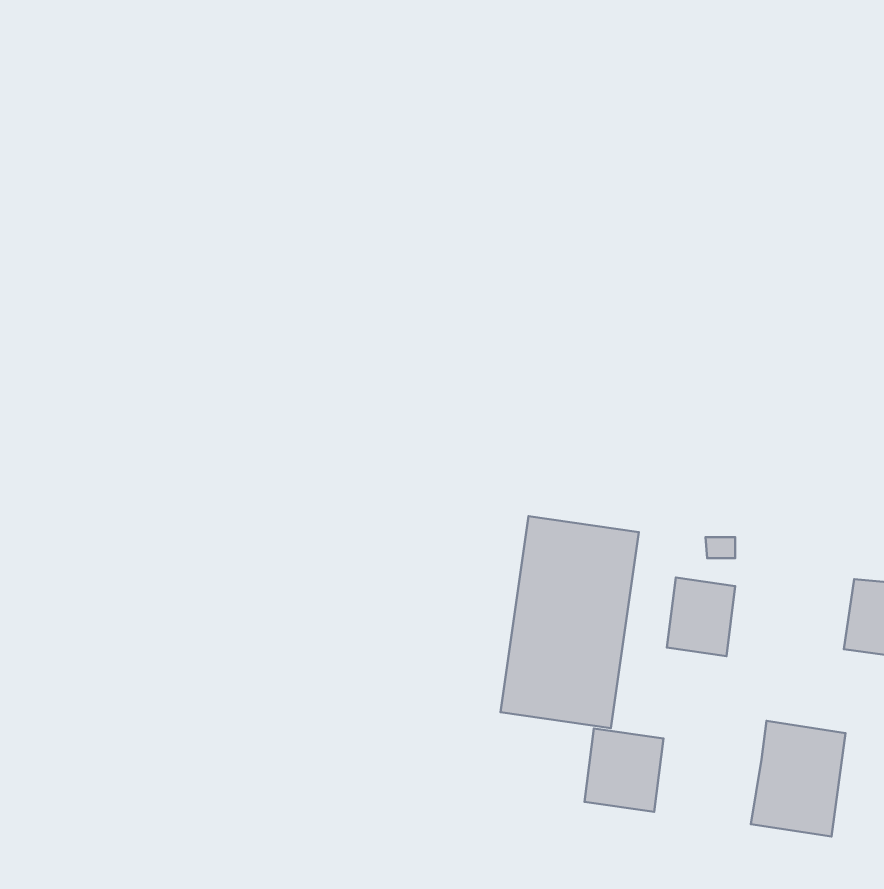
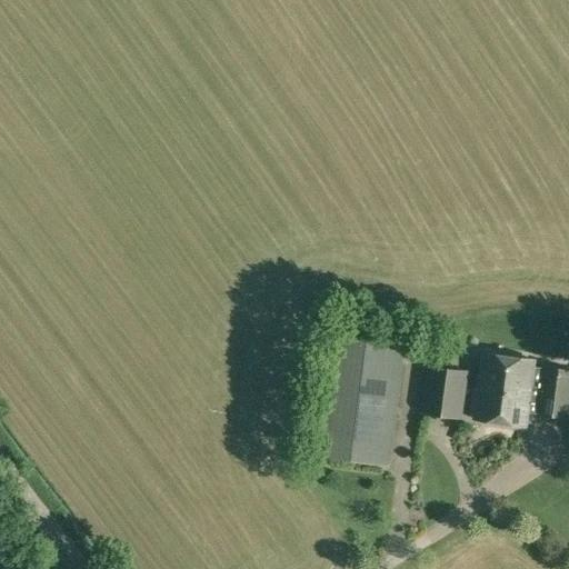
building: [751,721,845,836] -> [481,356,541,429]
building: [585,728,663,812] -> none

